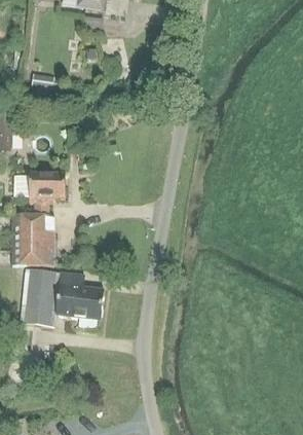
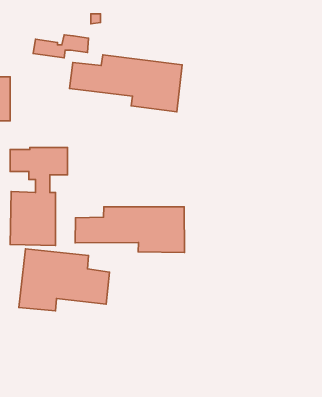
building: none -> [70,55,182,112]
building: none -> [75,207,185,252]

